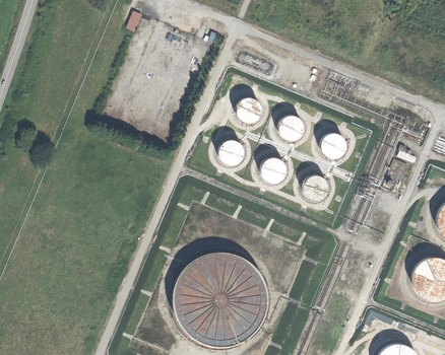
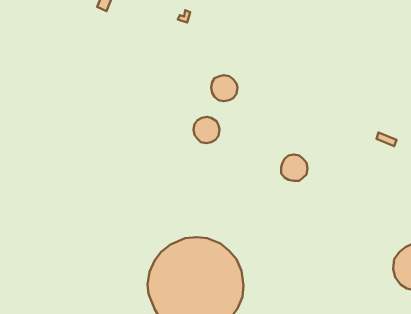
building: [278,113,304,138] -> none
building: [321,130,346,156] -> none
building: [261,153,287,179] -> none

